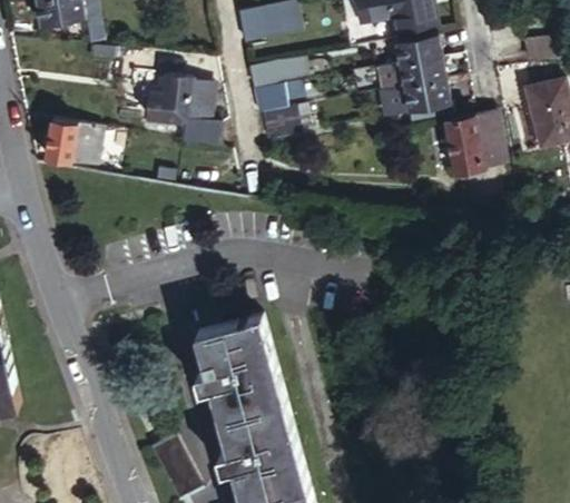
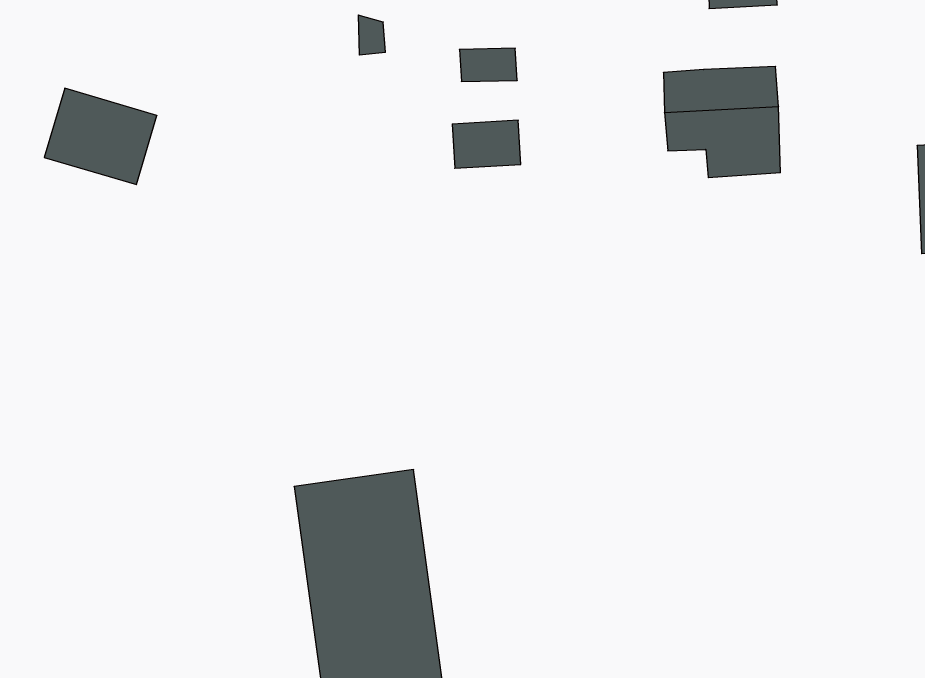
building: [394,32,439,63] -> none
building: [142,79,215,146] -> none
building: [442,111,503,174] -> none

